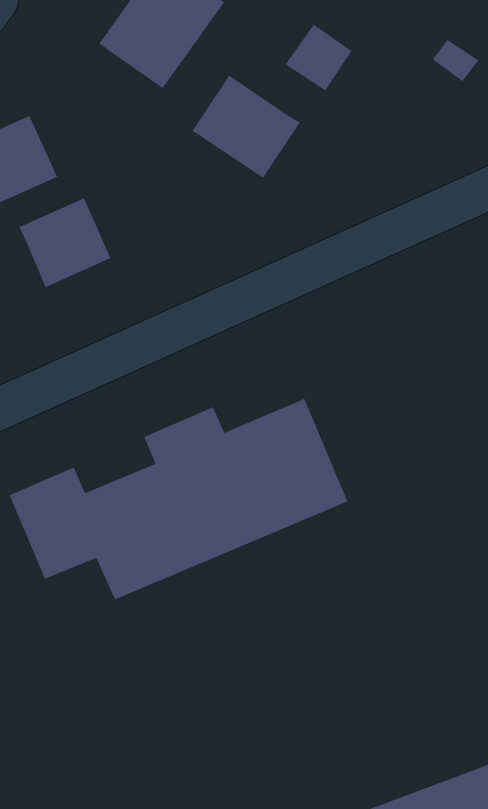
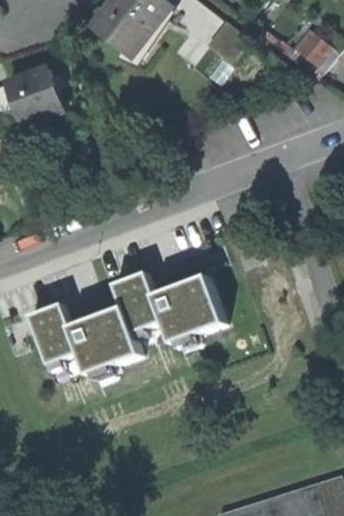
building: [192,74,301,179] -> none
building: [18,197,112,288] -> none

